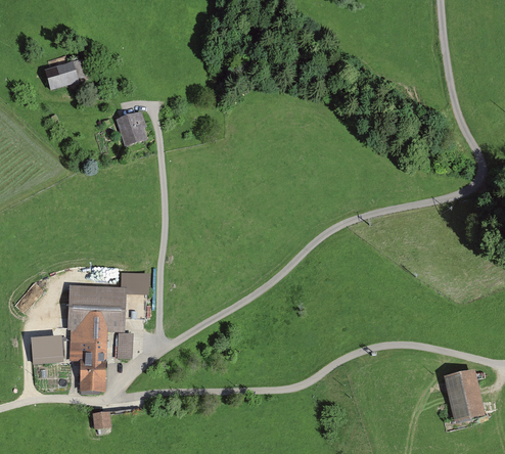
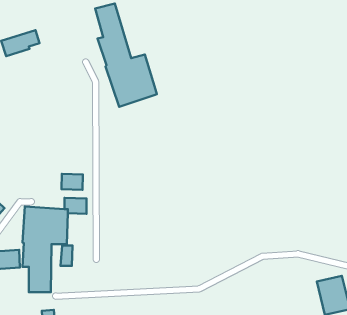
building: none -> [95,3,157,107]
building: [116,111,148,148] -> none
building: none -> [61,174,83,190]

